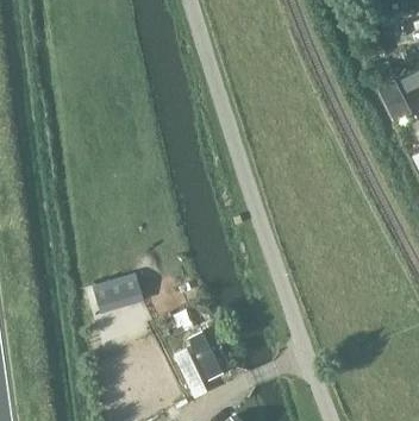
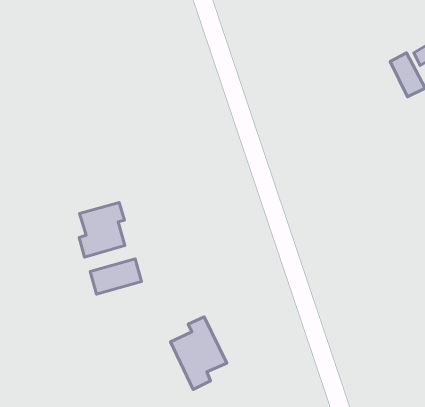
building: none -> [79,202,125,257]

